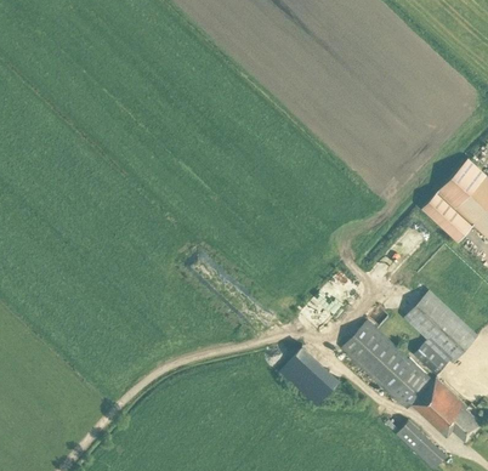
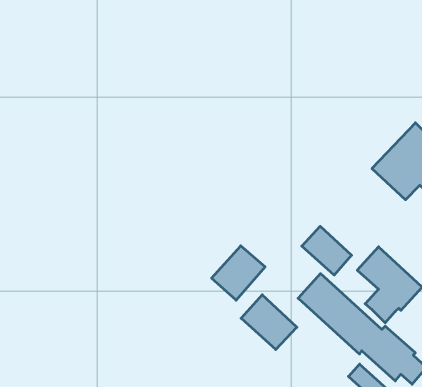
building: none -> [302,226,352,275]
building: none -> [212,246,265,300]

